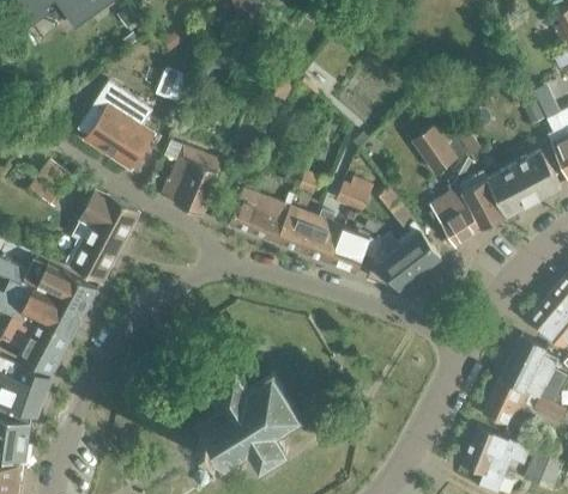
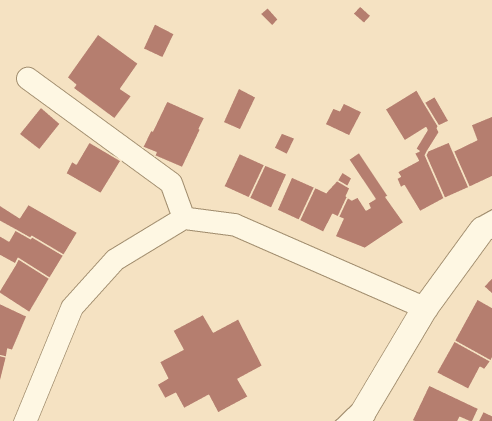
building: [336,176,374,211] -> [325,103,362,136]
building: [229,188,262,232] -> [223,88,256,130]
building: [66,228,120,285] -> none

